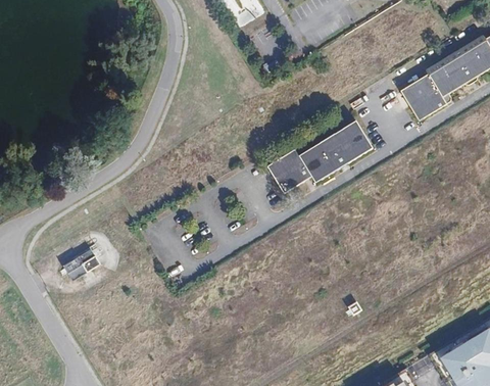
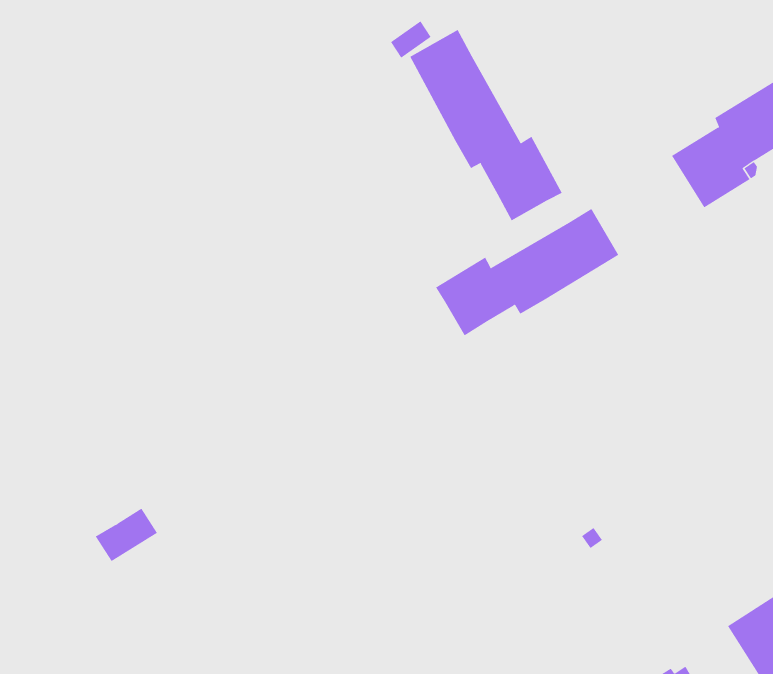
building: none -> [409,29,562,221]
building: [63,248,99,279] -> [95,508,158,562]

